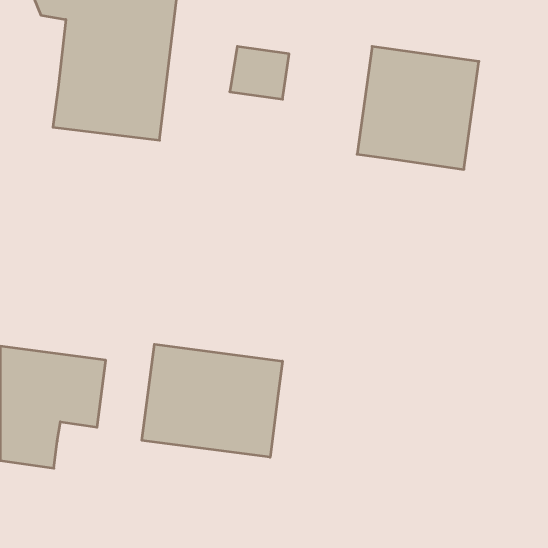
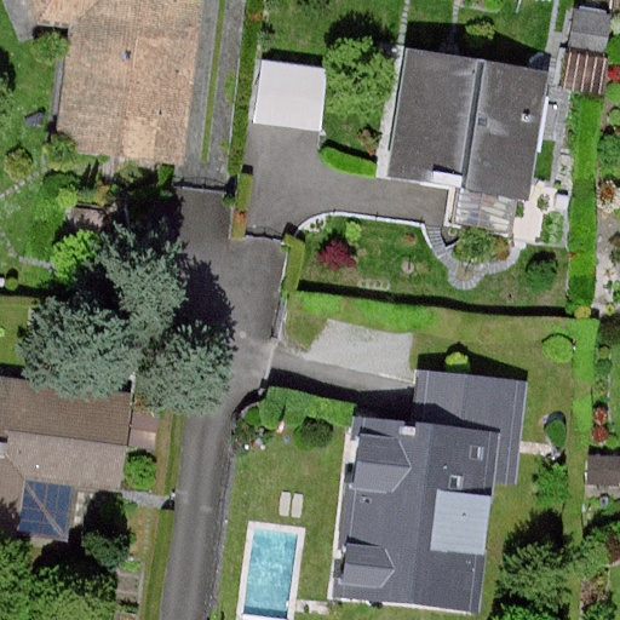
building: none -> [341,369,518,602]
building: [142,344,282,457] -> none

